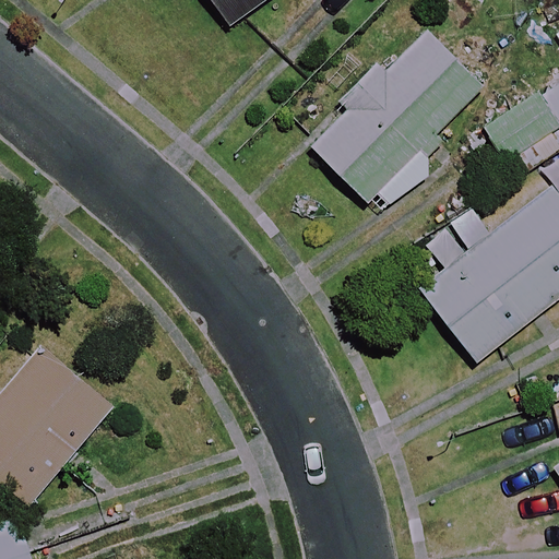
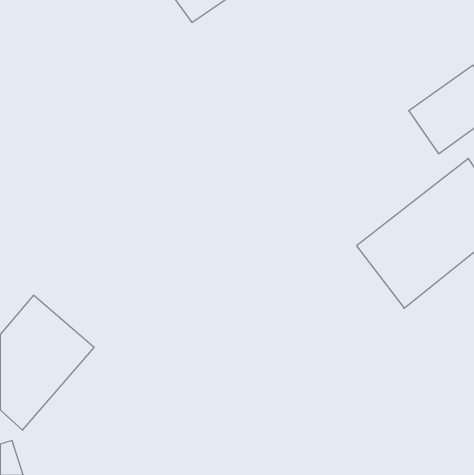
building: [312,29,483,215] -> none

